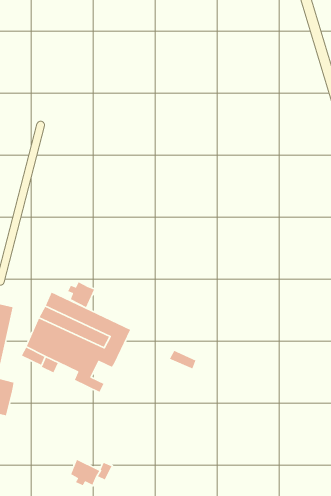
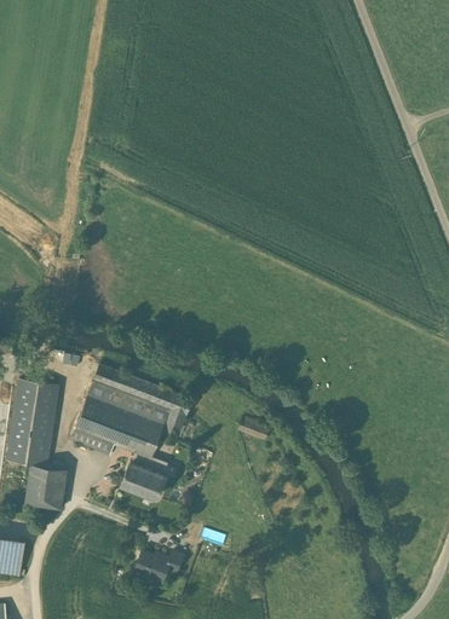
building: [67,281,96,308] -> none
building: none -> [121,463,165,499]

